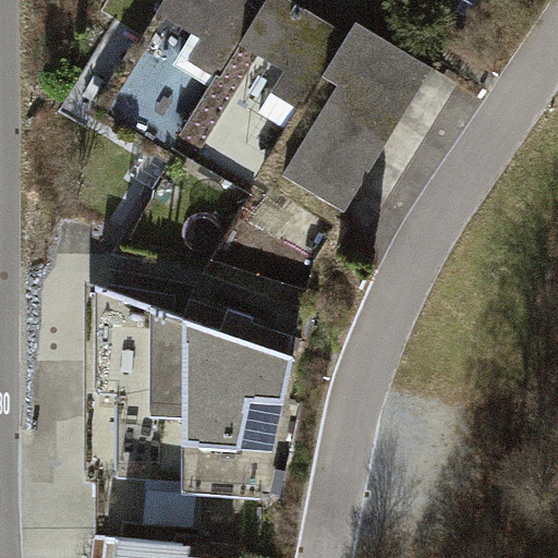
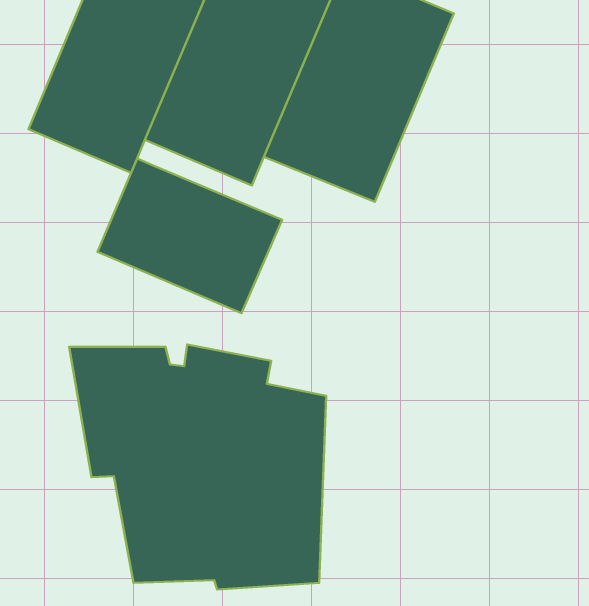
building: none -> [98,159,282,313]

